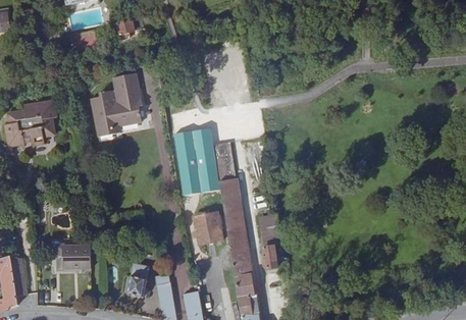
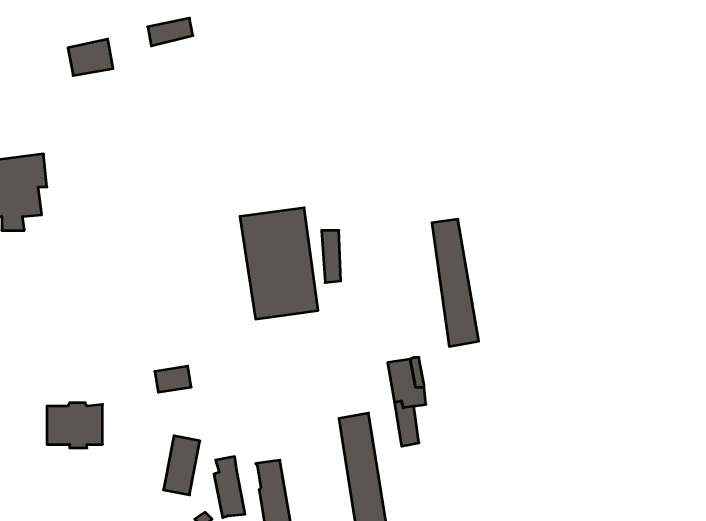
building: [92,72,144,135] -> none
building: [219,178,247,253] -> [432,219,479,346]
building: [193,213,222,245] -> none

